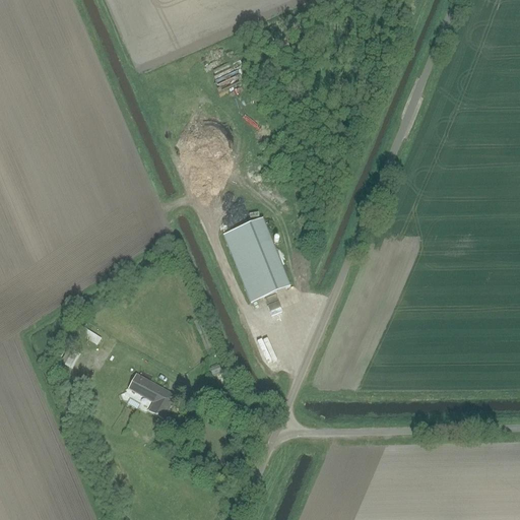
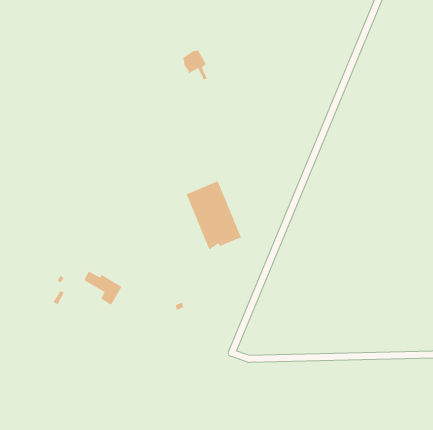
building: [128,375,175,416] -> [83,271,122,306]

